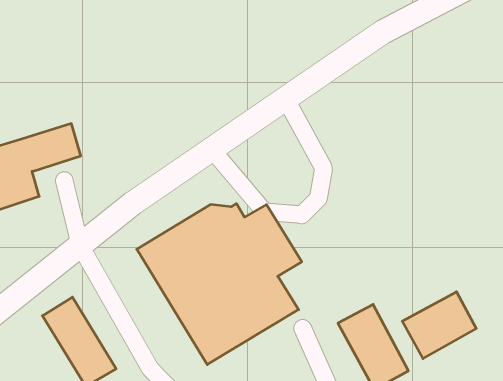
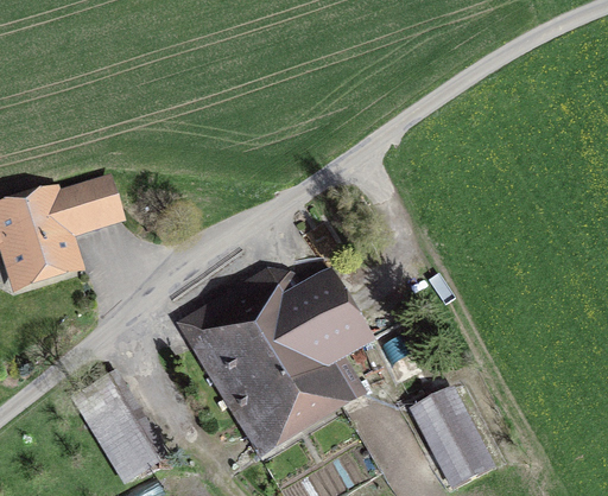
building: [402,292,476,359] -> none

